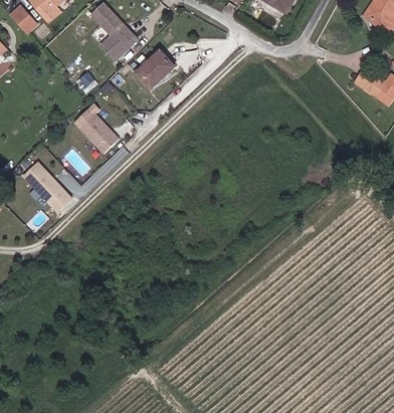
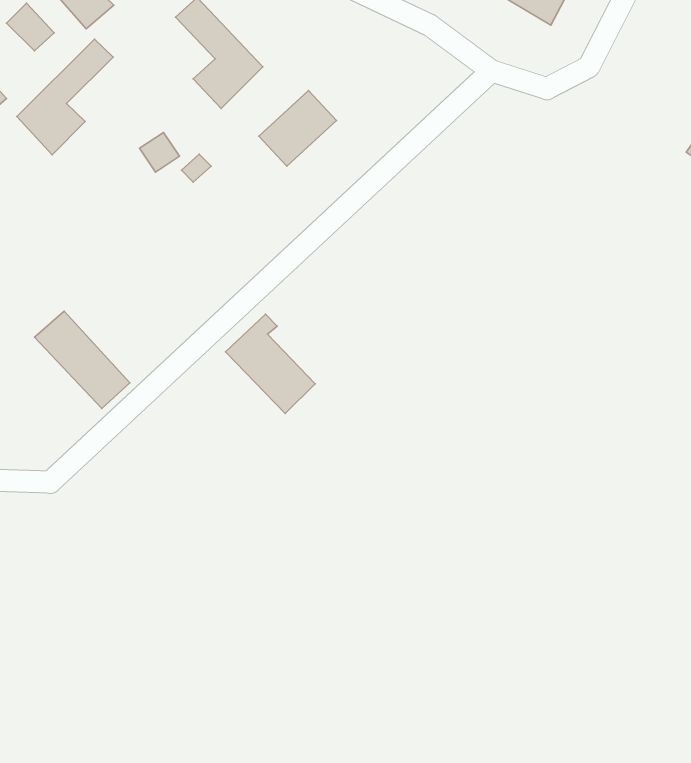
building: none -> [17,39,113,155]
building: [74,104,120,154] -> [226,314,315,414]

